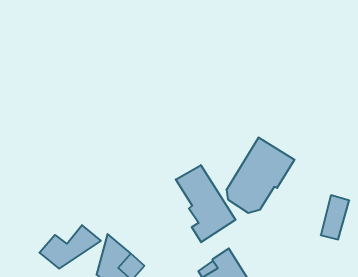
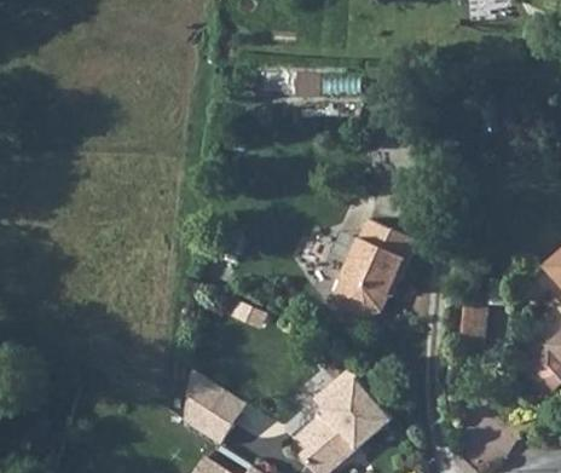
building: [176,165,236,242] -> none
building: [39,225,101,269] -> none

